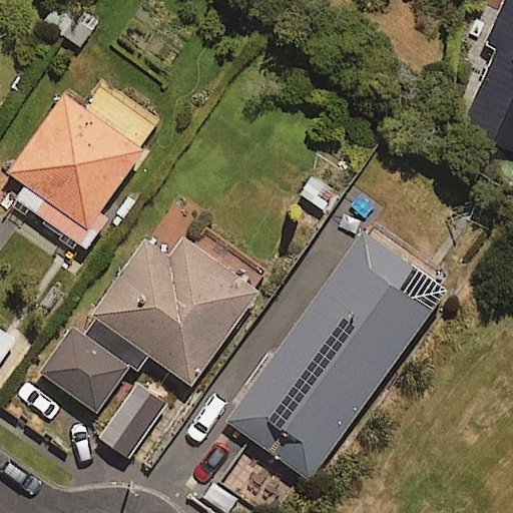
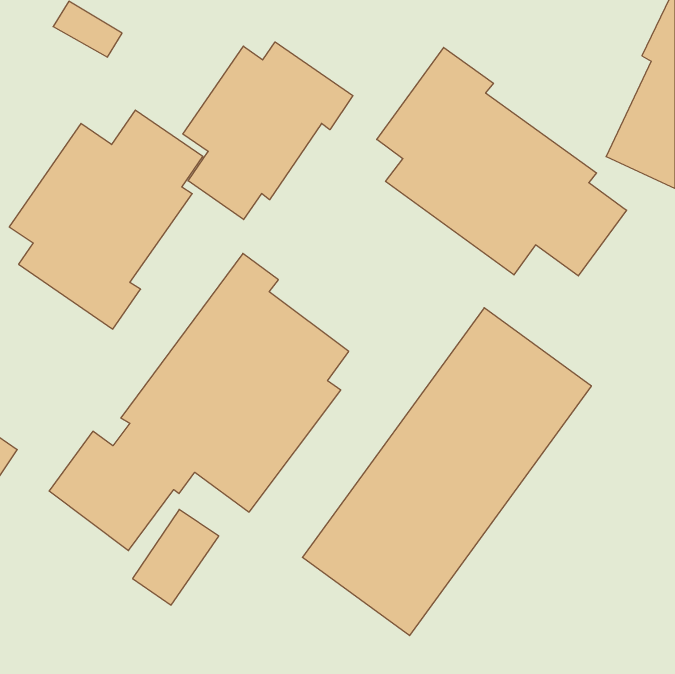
building: none -> [183,42,353,220]
building: none -> [377,47,627,276]

